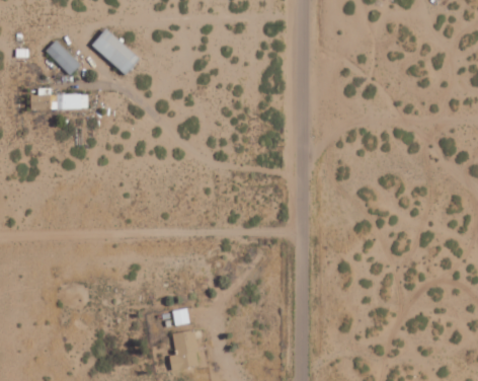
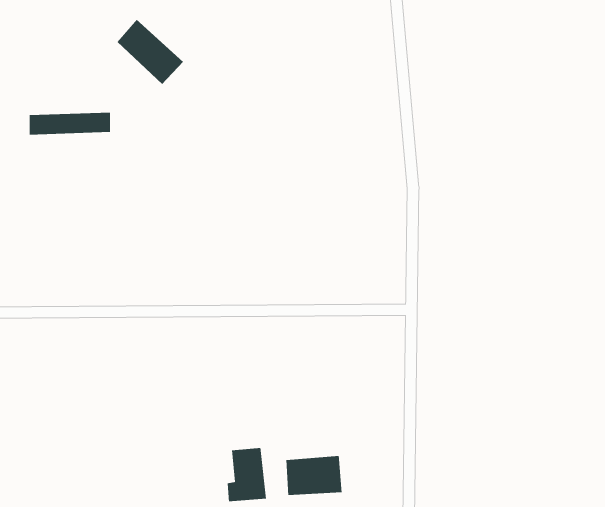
building: [46,40,80,75] -> none
building: none -> [286,455,342,496]

